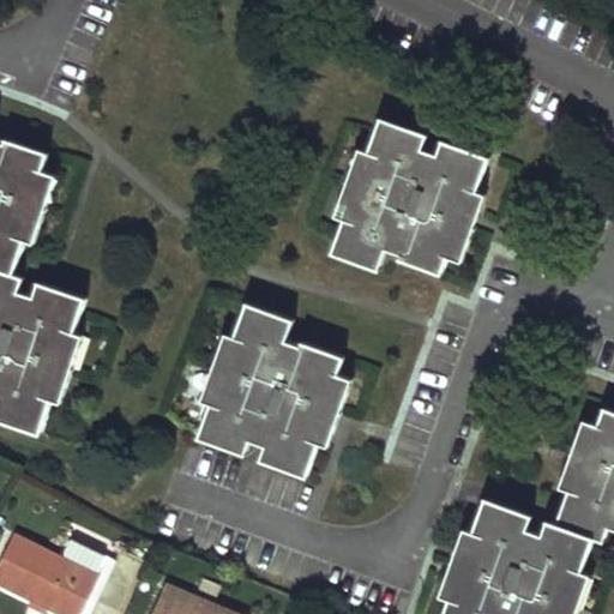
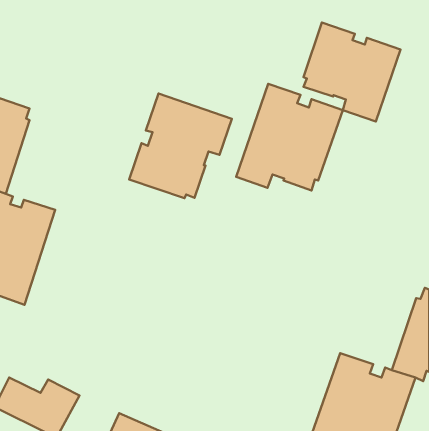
building: none -> [303,23,401,121]
building: none -> [129,93,232,198]
building: [201,306,344,476] -> none

